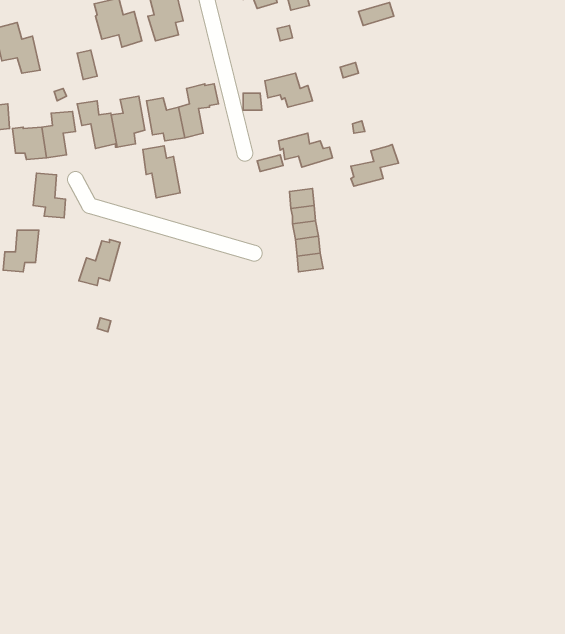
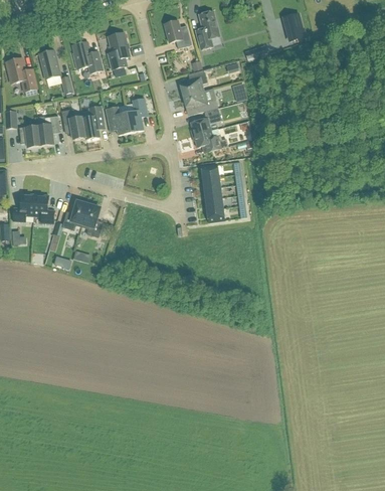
building: none -> [38,48,60,77]
building: none -> [180,68,207,95]
building: [351,145,398,186] -> [190,107,221,134]
building: [143,146,180,198] -> none
building: [33,173,66,218] -> [33,192,54,221]
building: none -> [81,200,102,235]

